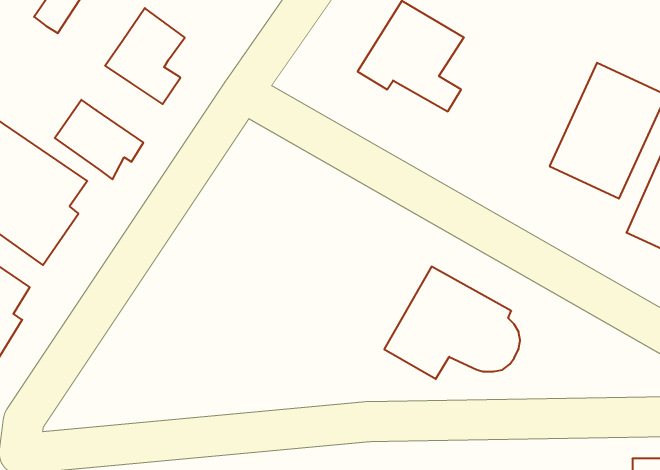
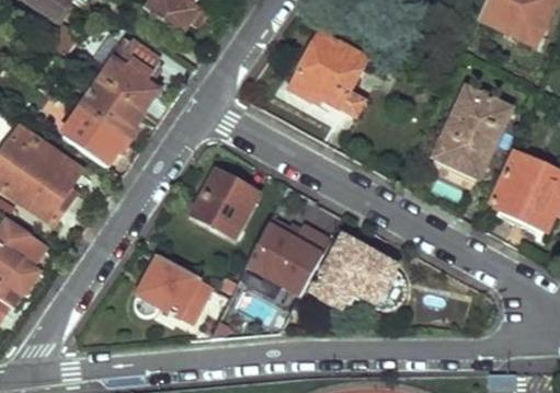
building: none -> [81,82,141,139]
building: none -> [186,164,263,241]
building: none -> [243,215,332,297]
building: none -> [133,255,212,320]

